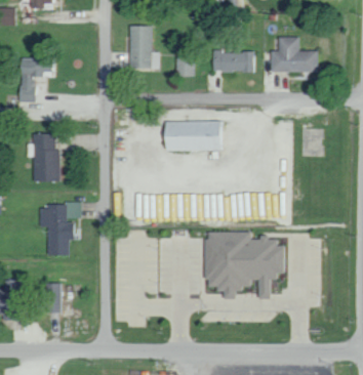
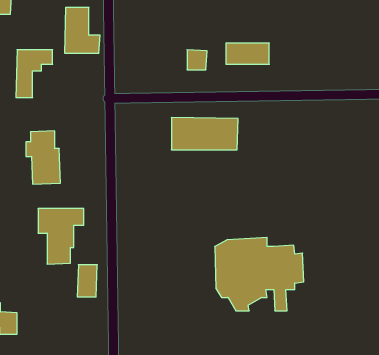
building: [130,26,163,68] -> [65,7,100,53]
building: [271,37,318,72] -> none
building: [46,283,65,312] -> [77,265,97,297]

